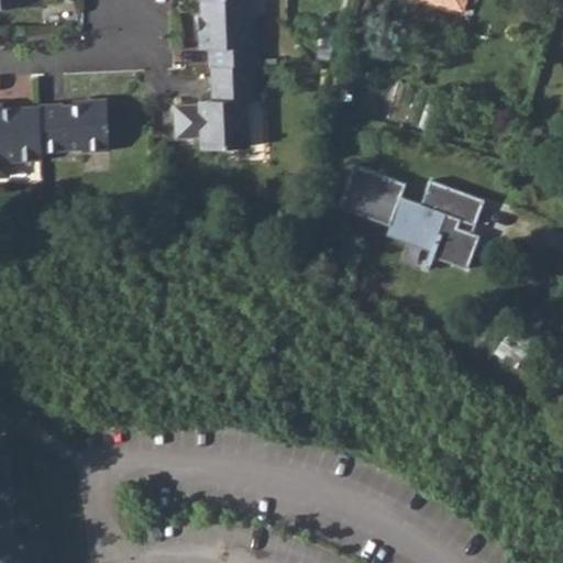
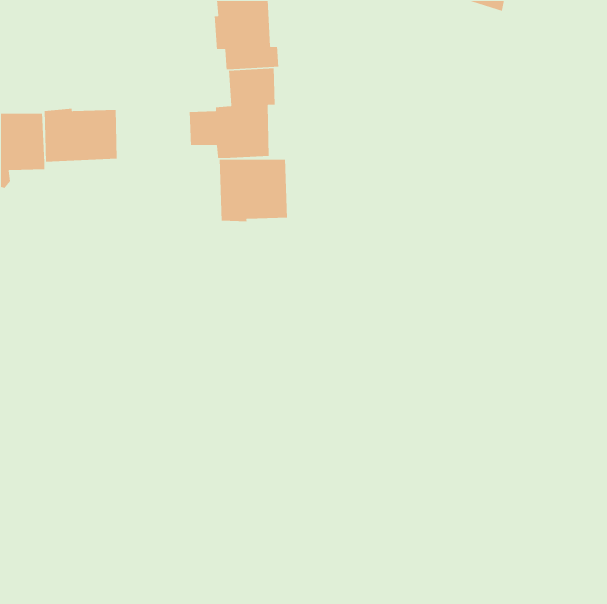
building: none -> [219,159,288,222]
building: [336,165,482,269] -> none

